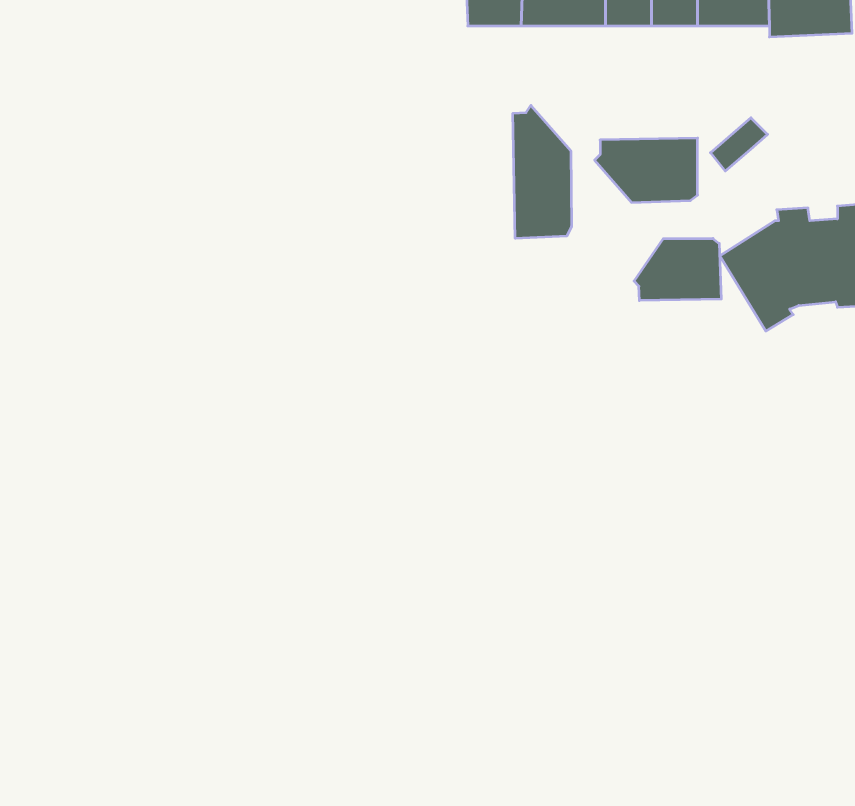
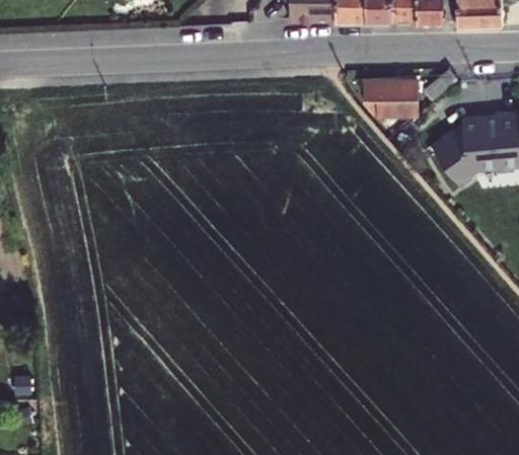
building: [513,105,571,238] -> none
building: [634,238,721,301] -> none

